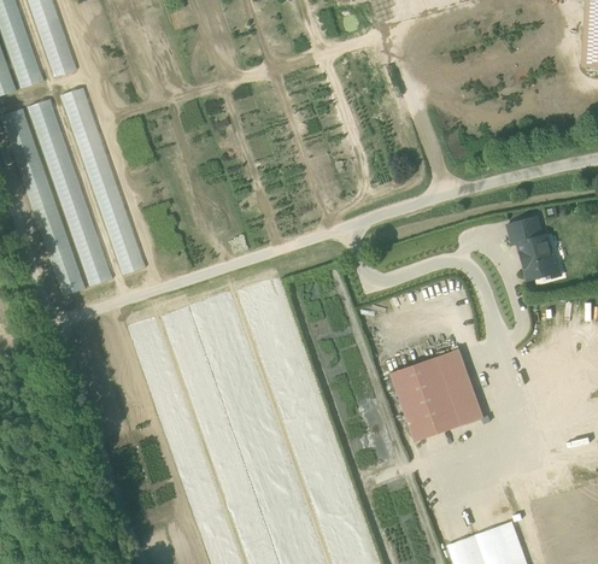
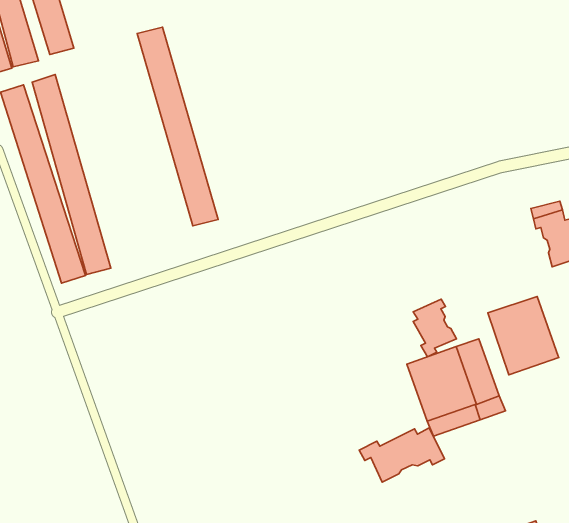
building: [64,86,141,275] -> [137,27,218,226]
building: none -> [488,296,559,375]
building: none -> [413,299,457,357]
building: none -> [359,428,445,482]

